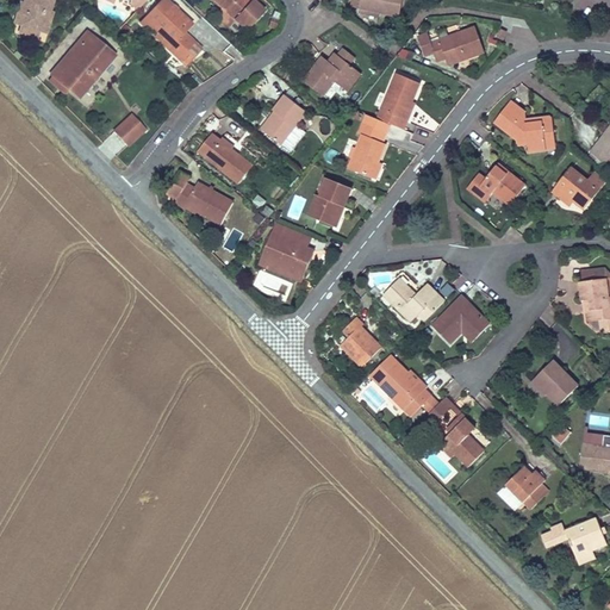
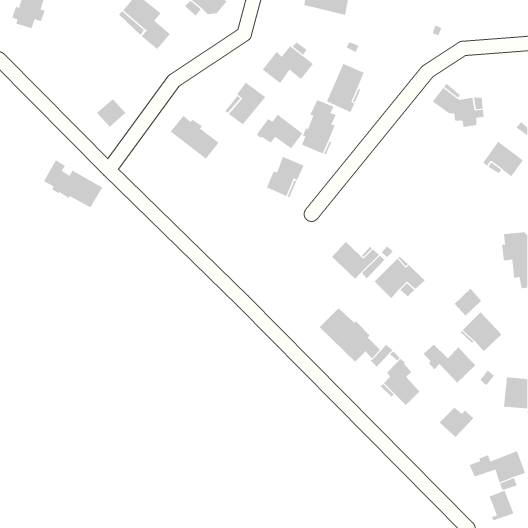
building: [416,26,484,64] -> none
building: [46,29,116,100] -> none
building: none -> [256,114,303,149]
building: [465,162,525,206] -> none
building: [164,169,234,225] -> [43,160,103,208]
building: [257,222,315,282] -> none
building: [338,316,381,367] -> none
building: none -> [454,288,482,317]
building: none -> [423,344,476,384]
building: none -> [489,490,514,521]

